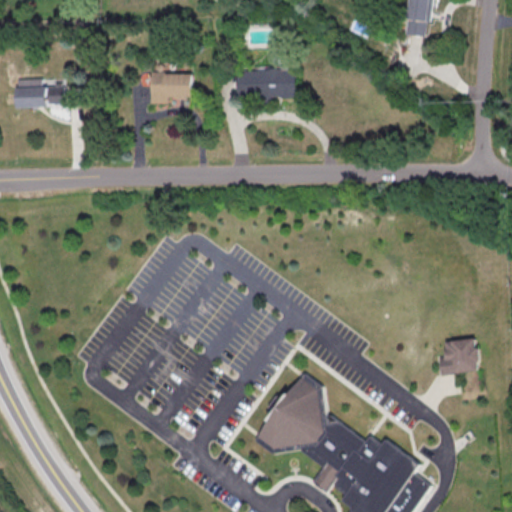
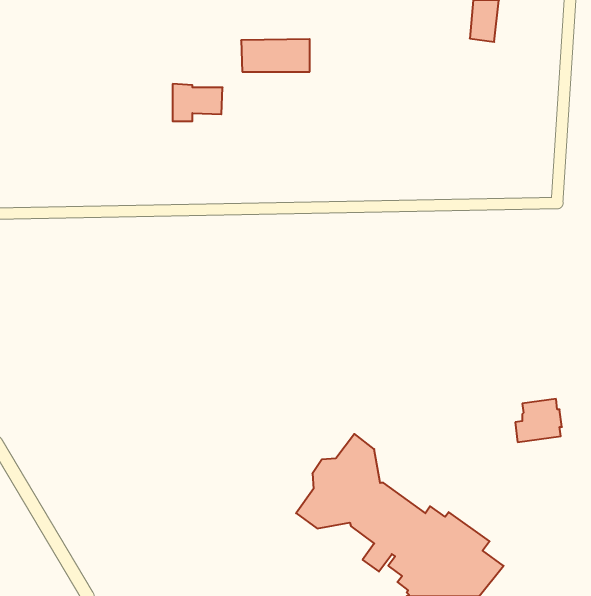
building: [234,69,293,97] -> [241,39,310,72]
building: [13,77,62,106] -> none

